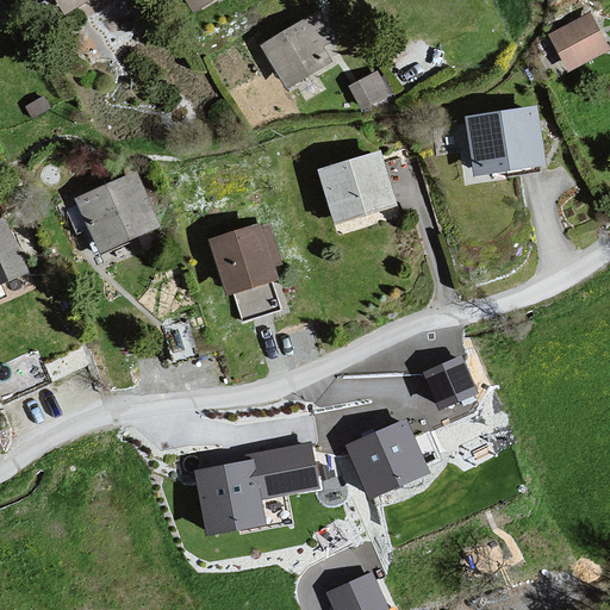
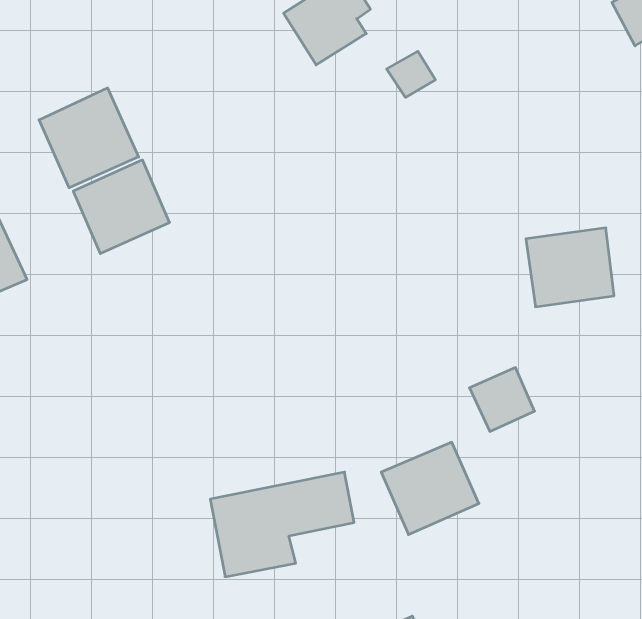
building: [466,106,543,175] -> [526,228,614,307]
building: none -> [39,88,139,188]
building: [318,151,398,228] -> none
building: [210,223,281,320] -> none

